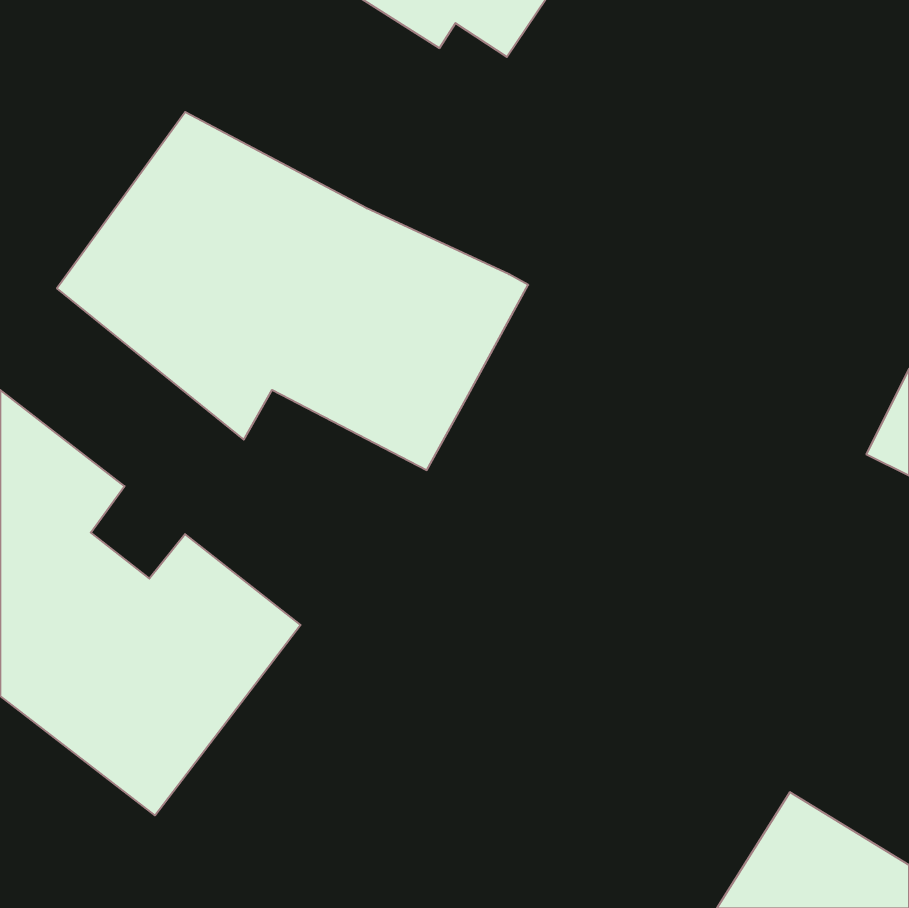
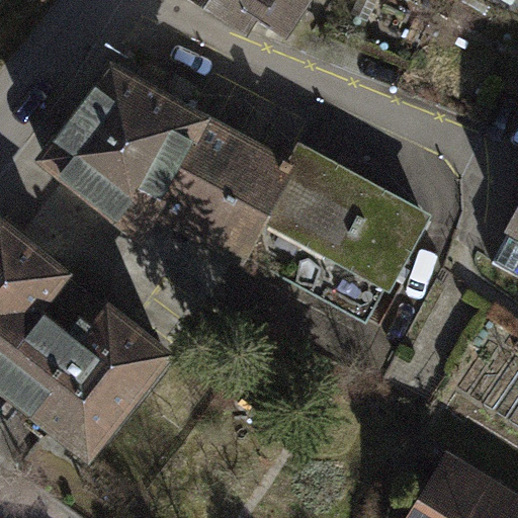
building: none -> [265,142,432,294]

